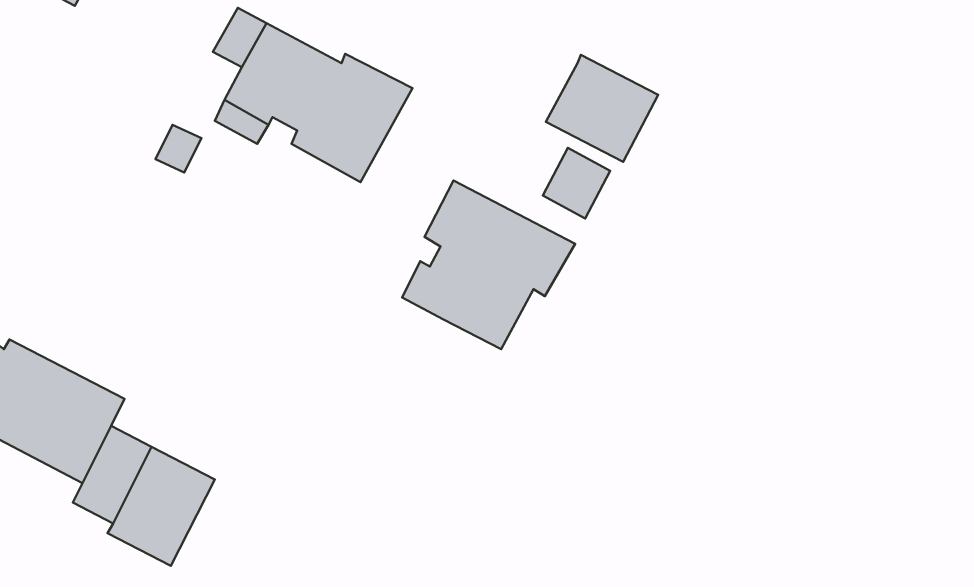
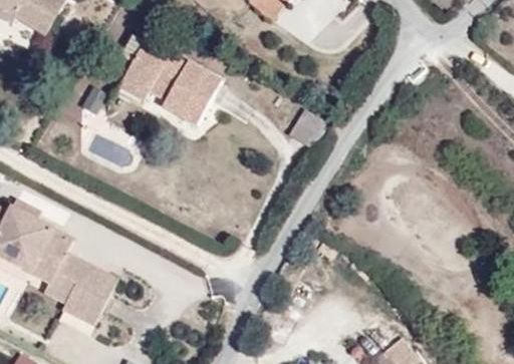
building: [546,55,658,162] -> none
building: [402,181,575,349] -> none

